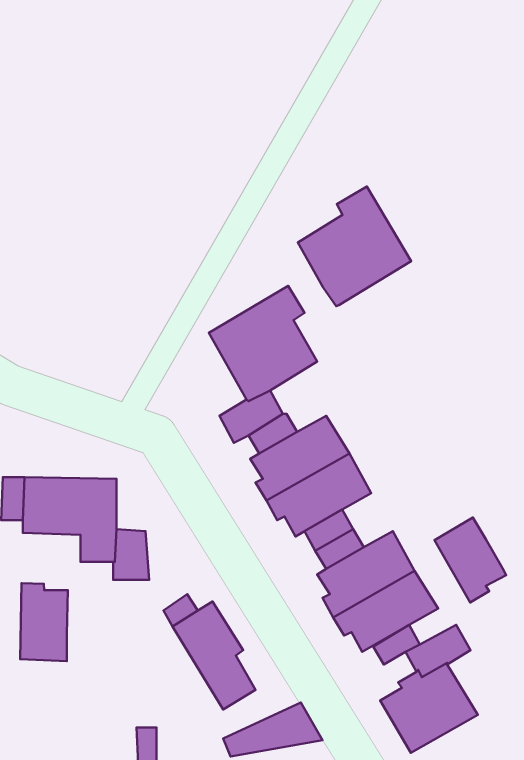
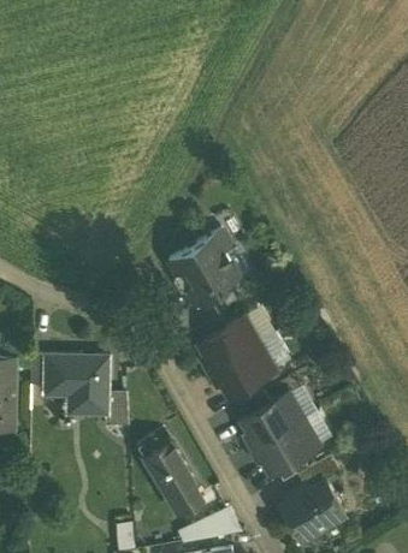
building: [298,187,411,306] -> none
building: [435,517,506,602] -> none
building: [20,583,68,661] -> none

